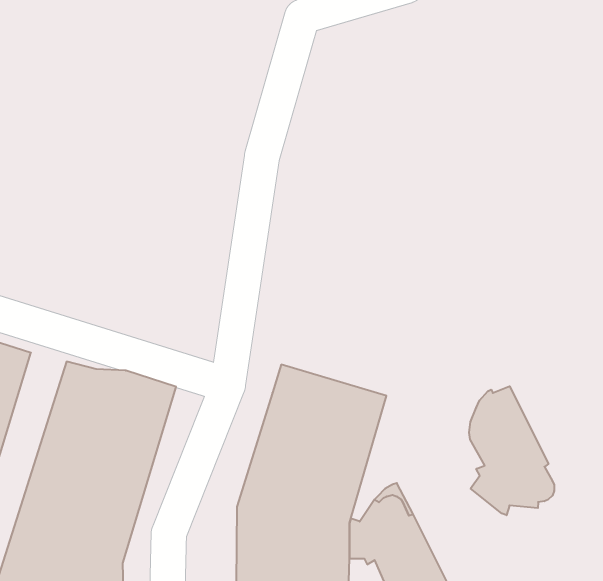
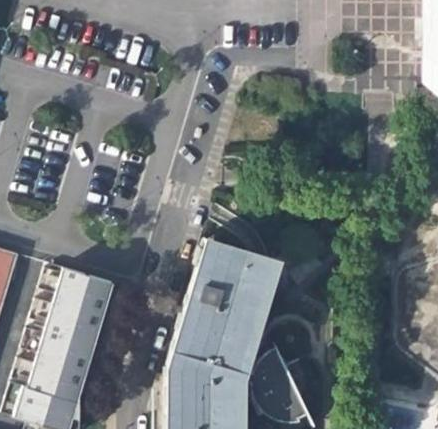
building: none -> [193,237,273,287]
building: [469,386,554,515] -> none

